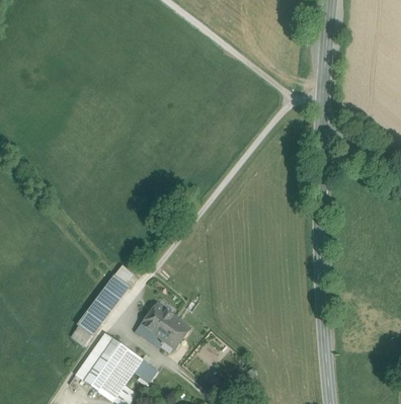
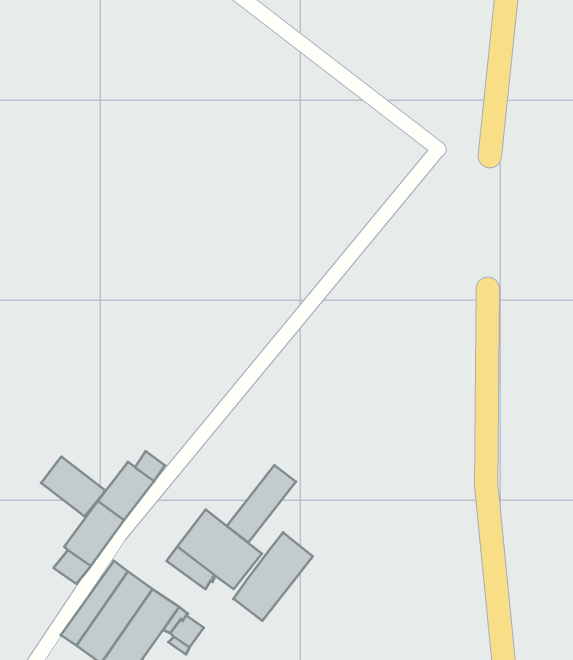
building: none -> [41,457,105,517]
building: none -> [227,465,296,542]
building: none -> [233,532,313,621]

